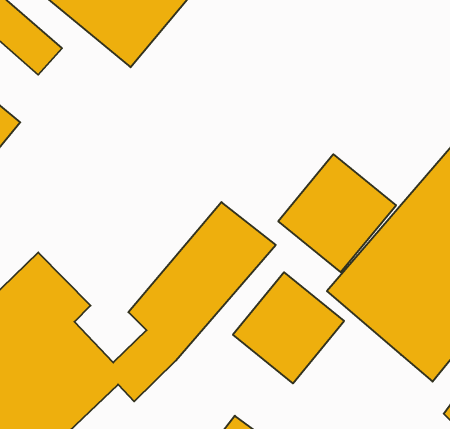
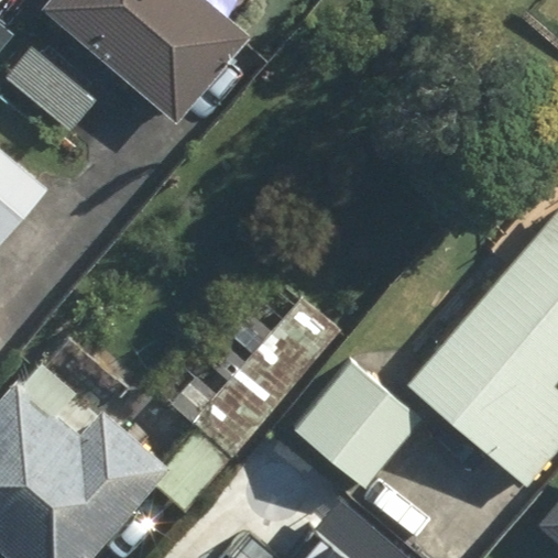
building: [278,154,396,272] -> none

